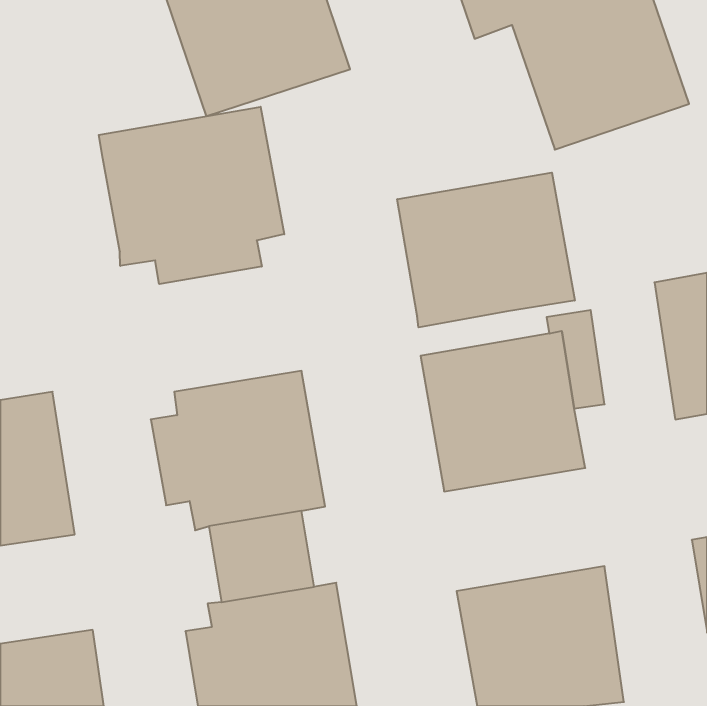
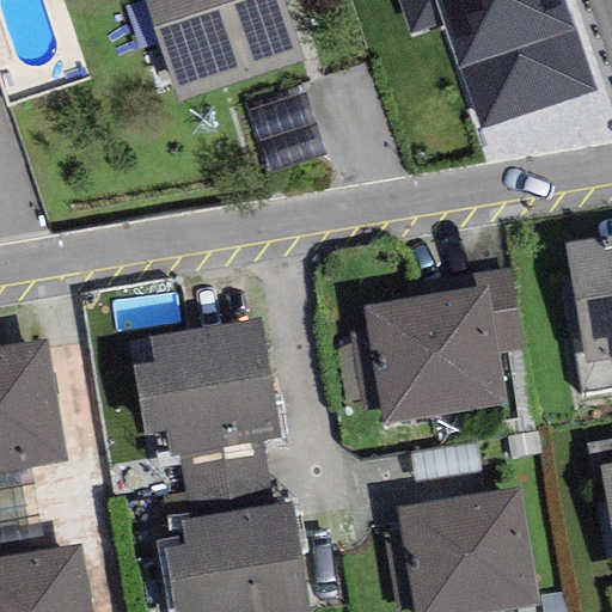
building: [99,107,284,284] -> none
building: [397,173,575,327] -> none

